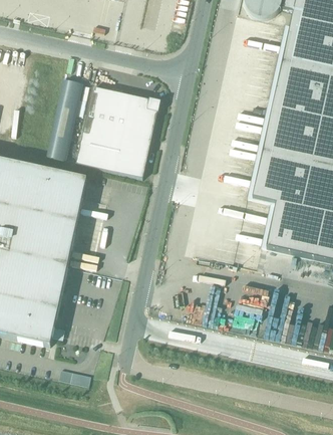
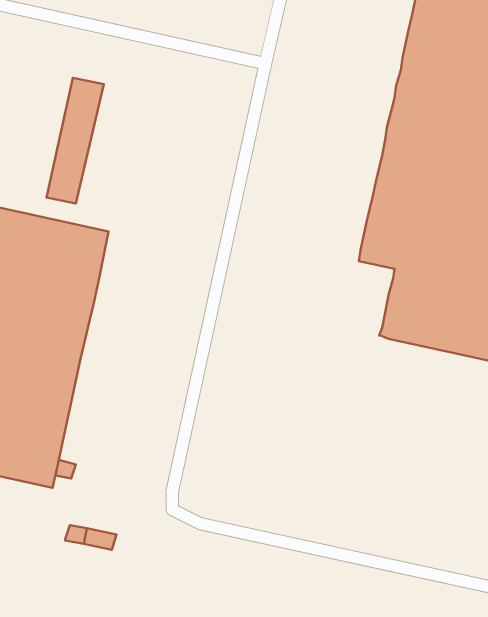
building: [76,85,158,177] -> none

